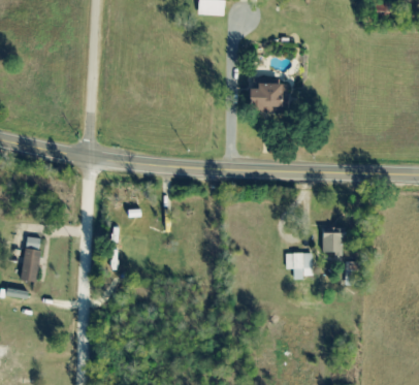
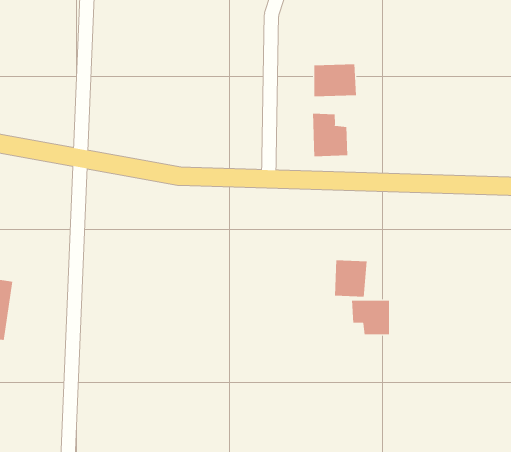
building: none -> [313,113,348,157]
building: [319,226,343,253] -> [334,260,367,297]

